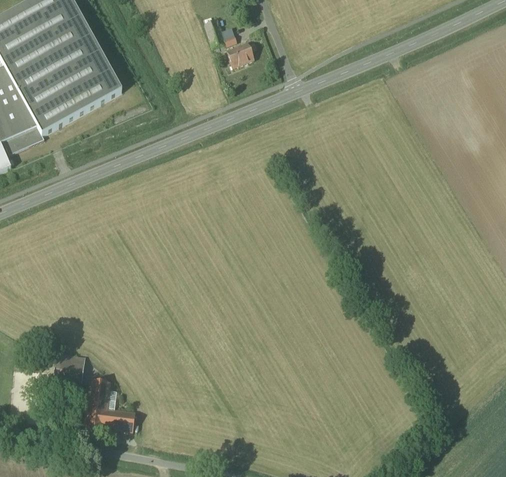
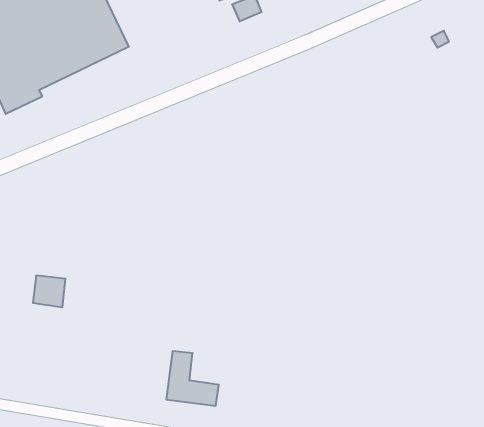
building: [53,352,84,382] -> [33,276,66,307]
building: [81,379,131,431] -> [166,351,219,406]

